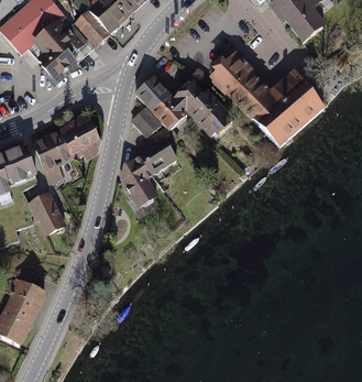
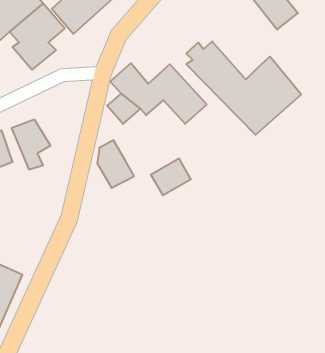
building: [56,114,99,163] -> none
building: [138,138,178,175] -> [151,158,191,195]
building: [28,193,66,237] -> none

